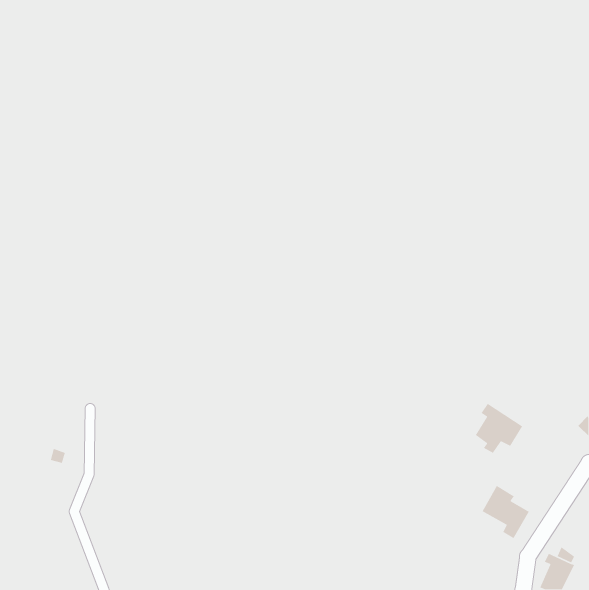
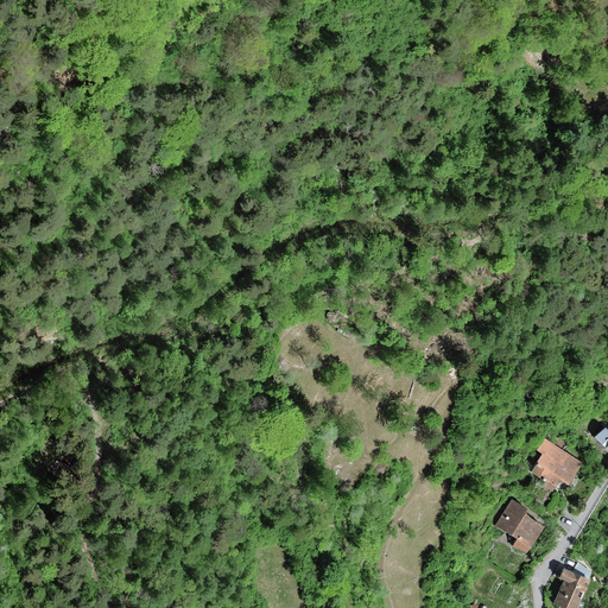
building: [475,403,523,454] -> [532,439,582,492]

